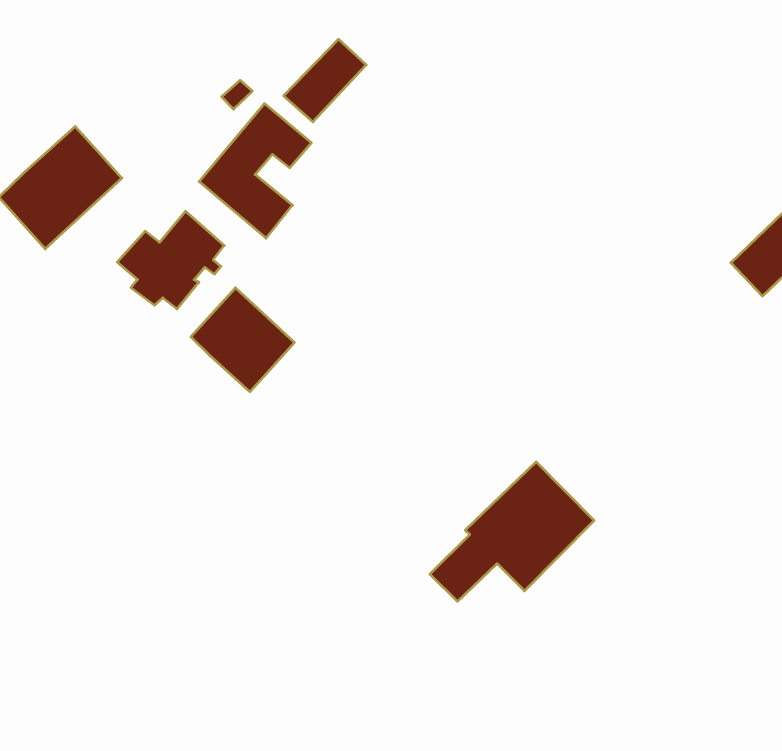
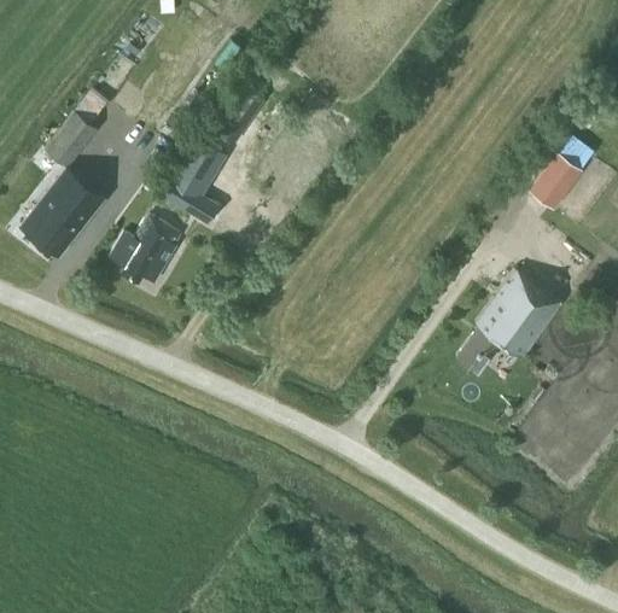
building: none -> [47,110,98,168]
building: [191,288,294,392] -> none
building: [430,462,594,601] -> [456,269,562,373]

